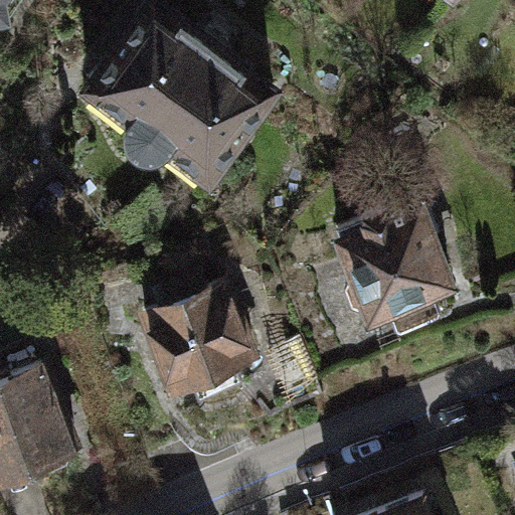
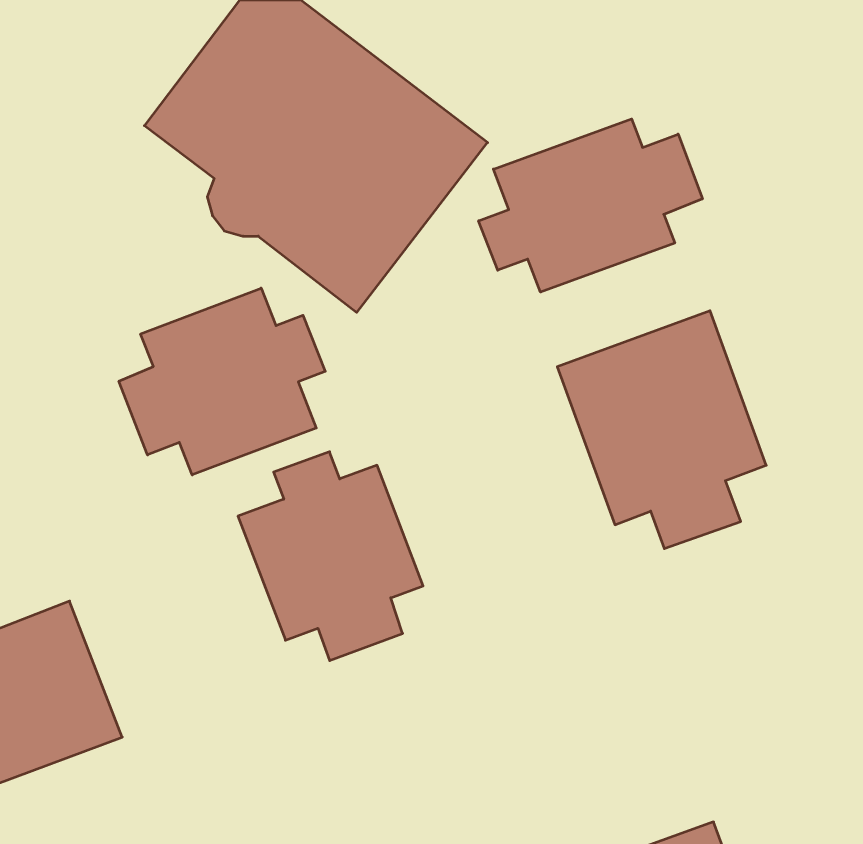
building: none -> [479,119,702,292]
building: none -> [119,288,325,475]

